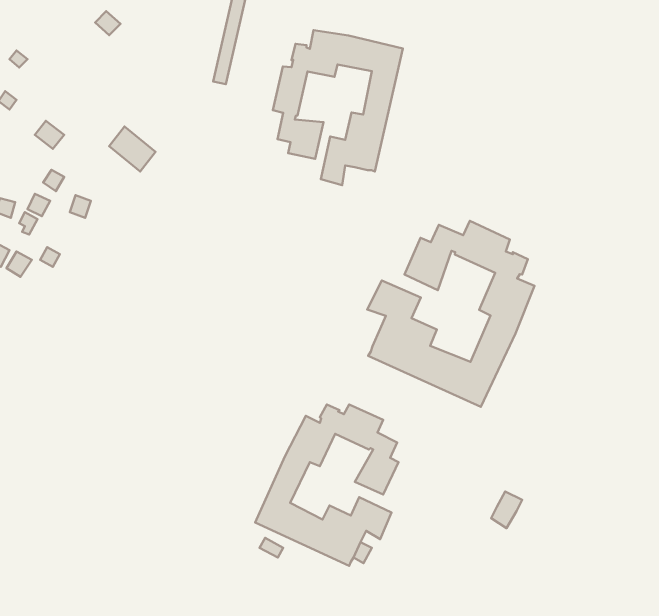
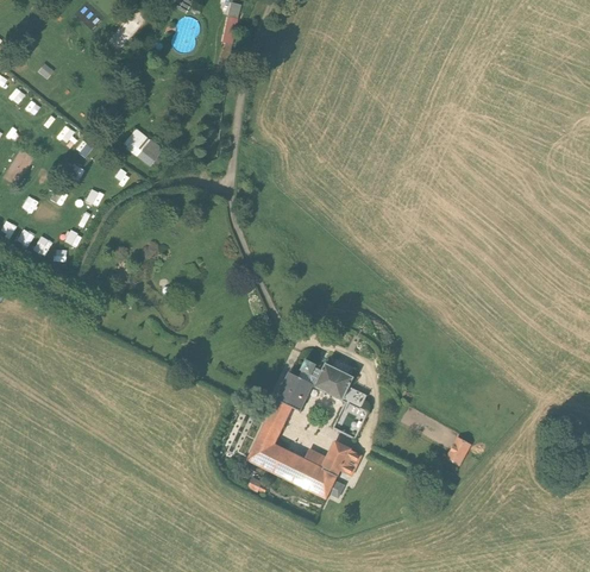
building: [273,30,403,185] -> none
building: [367,221,535,407] -> none

